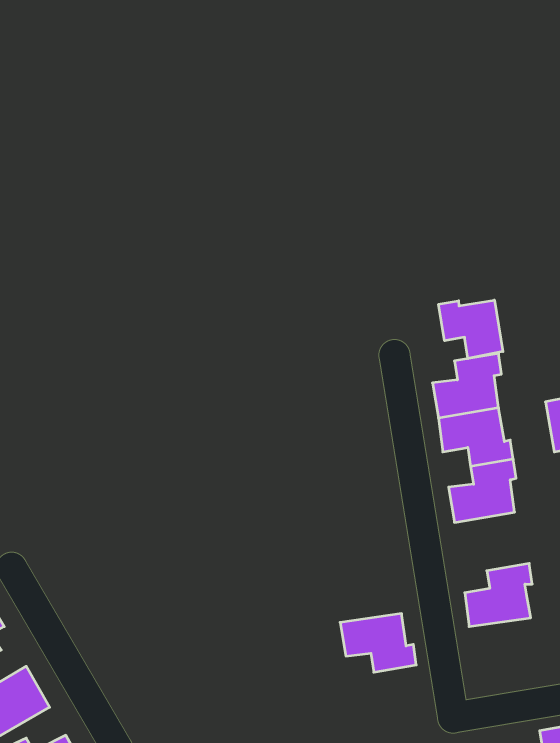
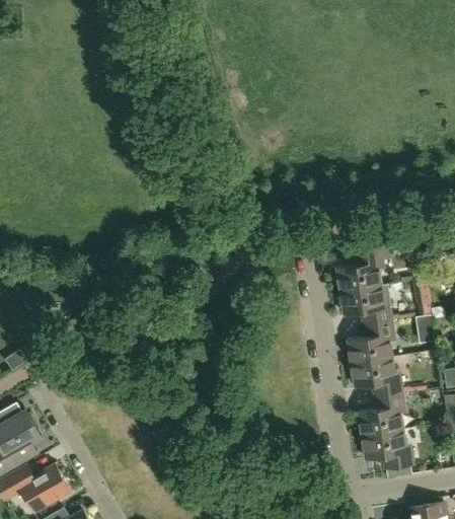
building: [439,300,503,359] -> none
building: none -> [351,357,402,397]
building: [340,614,416,672] -> [361,430,413,470]

